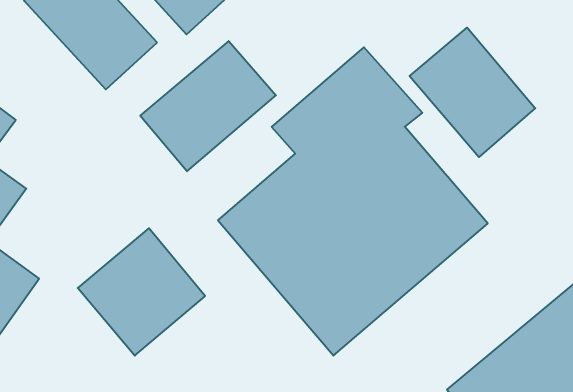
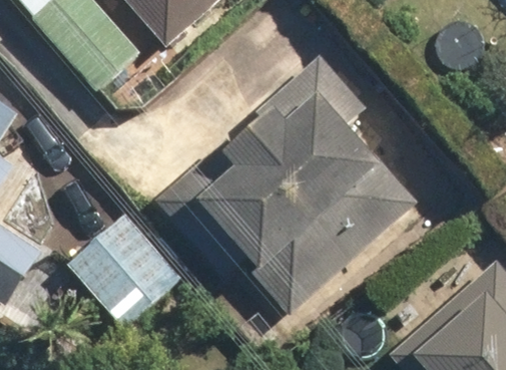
building: [410,28,535,157] -> none
building: [140,41,276,171] -> none

